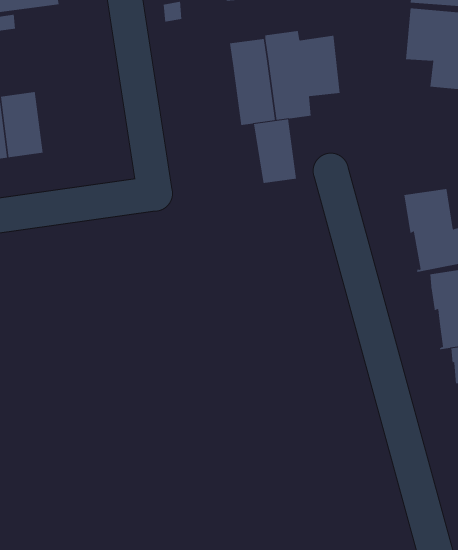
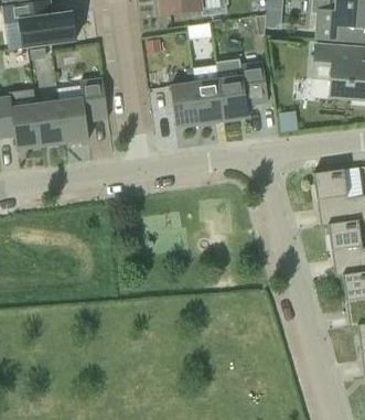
building: none -> [60,78,108,142]
building: [253,119,297,184] -> [170,83,200,127]

